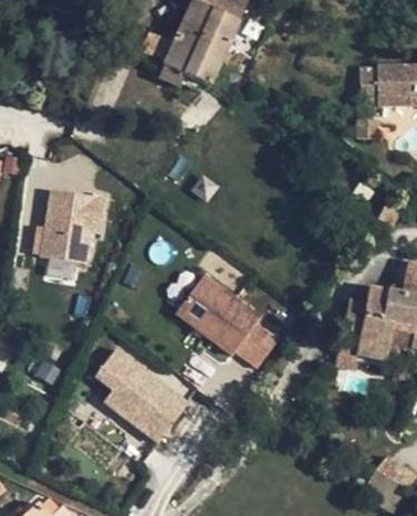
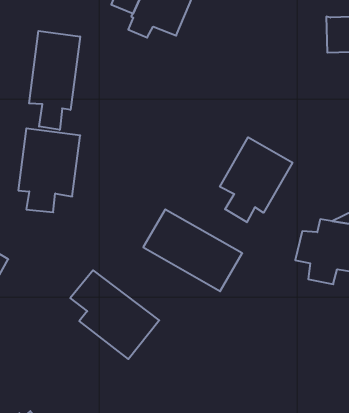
building: none -> [29,31,80,130]
building: none -> [220,137,292,222]

